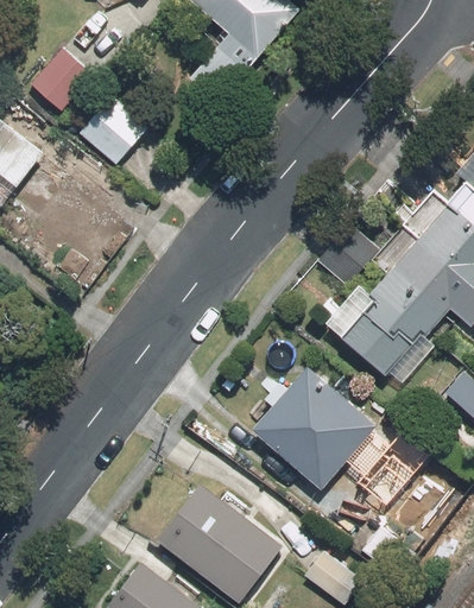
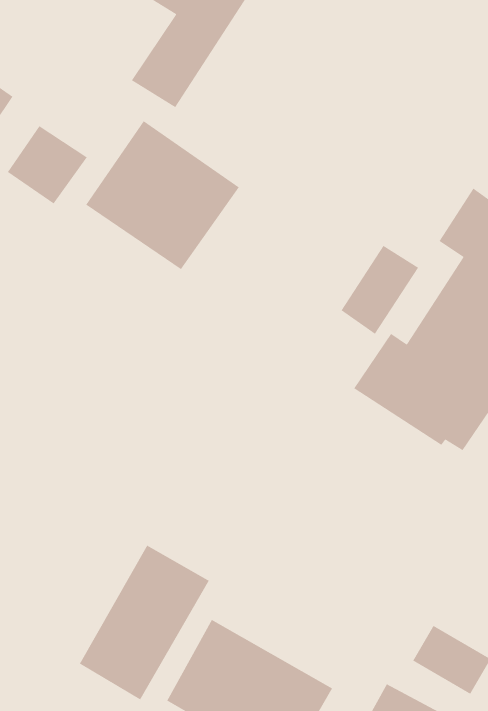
building: none -> [85,120,240,270]
building: [248,368,375,493] -> none
building: none -> [79,544,210,701]

